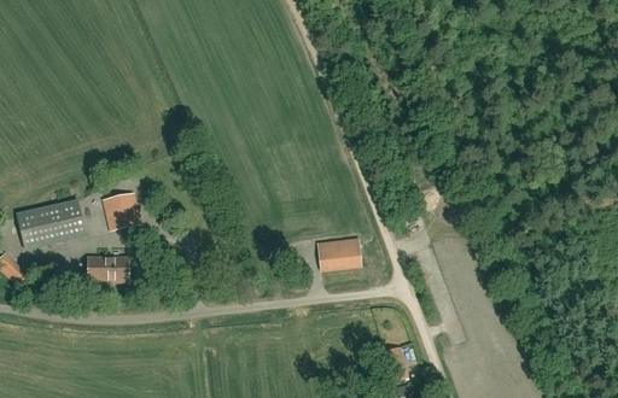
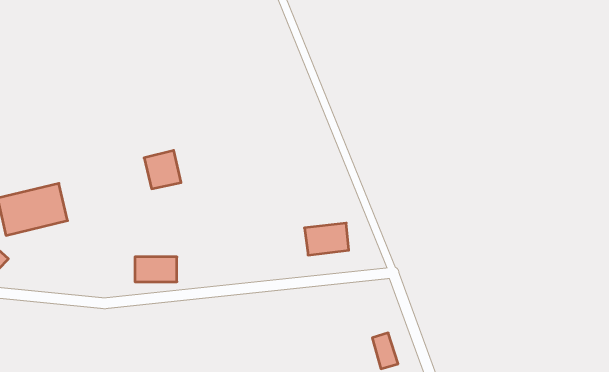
building: [103,192,139,229] -> [144,150,181,189]
building: [87,256,128,280] -> [135,257,177,282]

